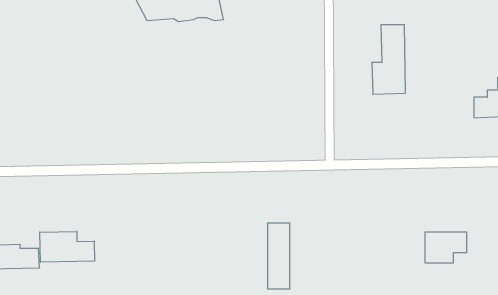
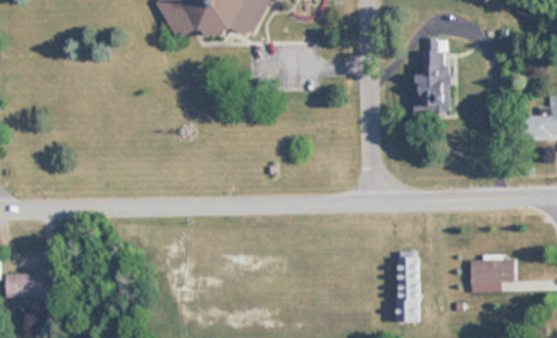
building: [267,223,290,289] -> [396,252,420,322]
building: [40,231,94,262] -> none

